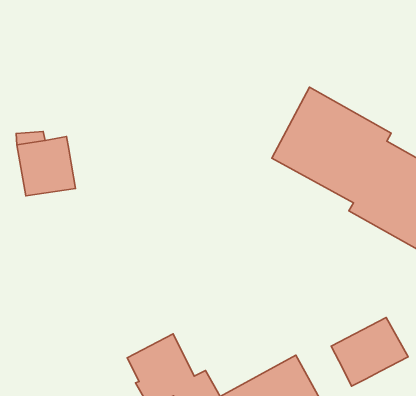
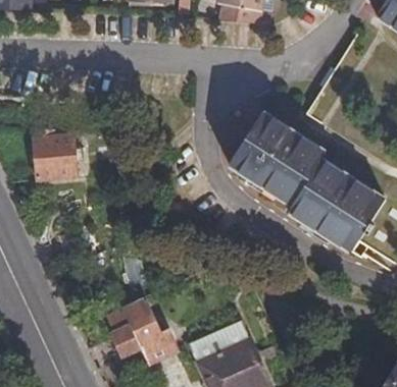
building: [331,318,408,386] -> none

